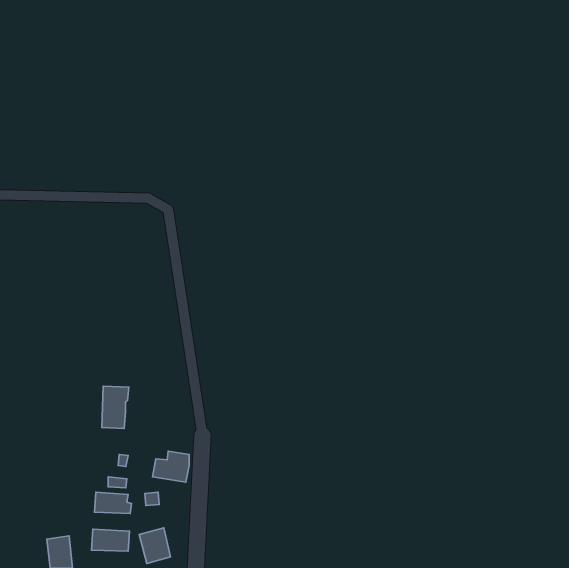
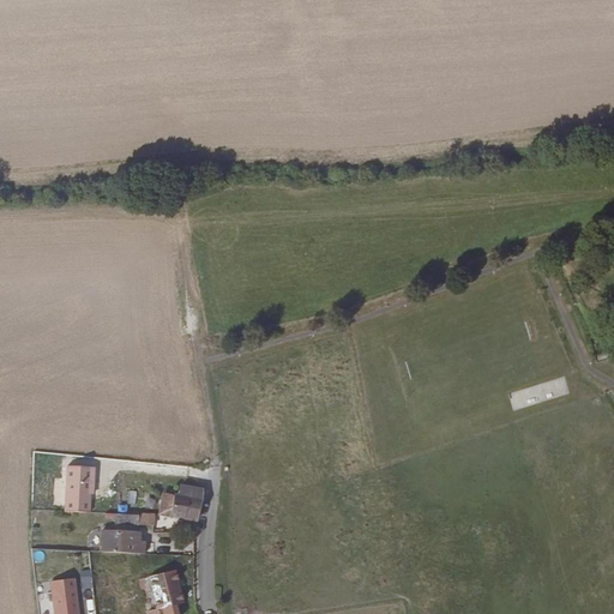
building: [102,386,129,428] -> [66,465,95,511]
building: [92,529,130,551] -> none

